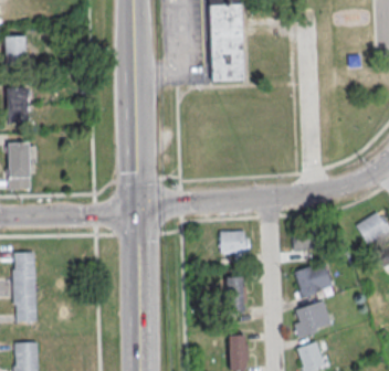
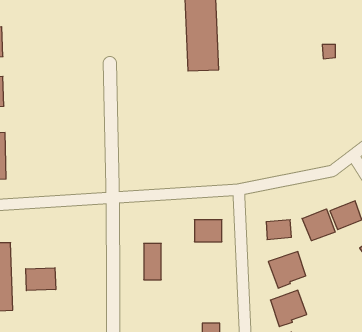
building: none -> [302,209,335,241]
building: [227,277,244,314] -> [144,243,161,280]
building: none -> [26,268,56,291]

